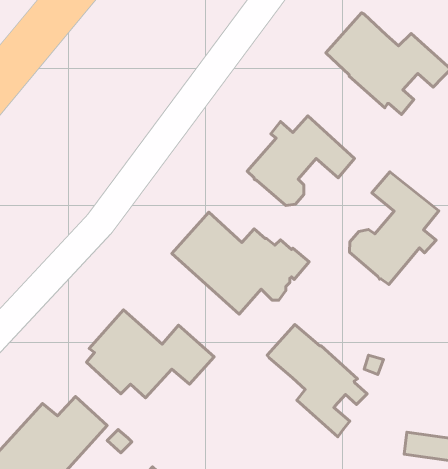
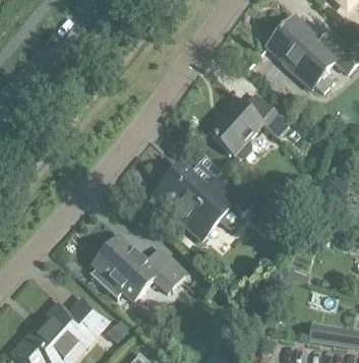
building: [349,172,439,284] -> none
building: [267,324,367,437] -> none

